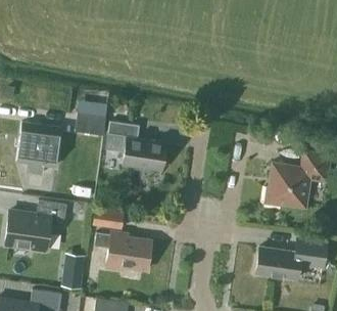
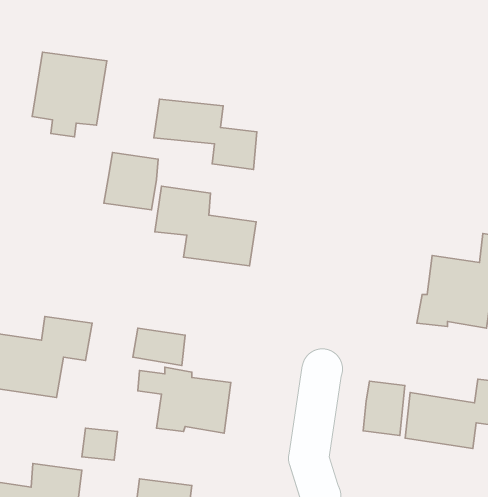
building: none -> [154,99,257,170]
building: [16,123,61,174] -> [32,52,107,137]
building: none -> [363,381,405,435]

